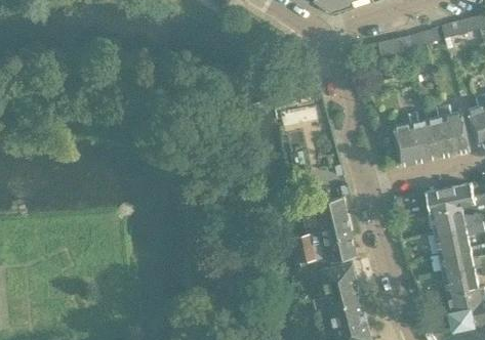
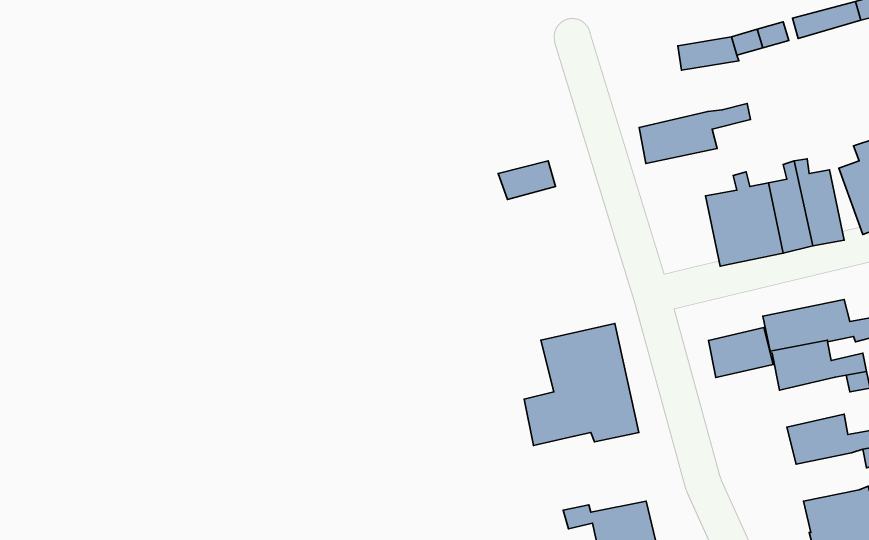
building: none -> [639,104,751,163]
building: [435,226,471,254] -> [708,328,773,377]
building: [321,257,361,301] -> none
building: [444,268,479,295] -> none

